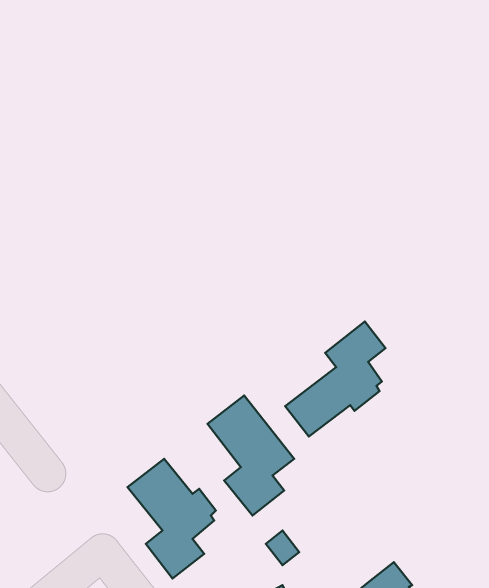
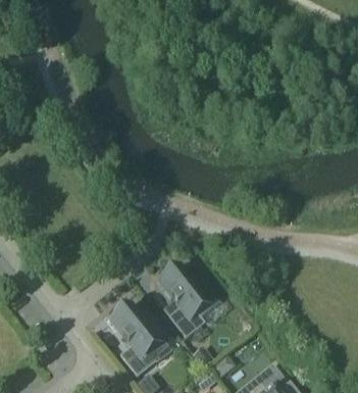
building: [285,321,385,437] -> none

